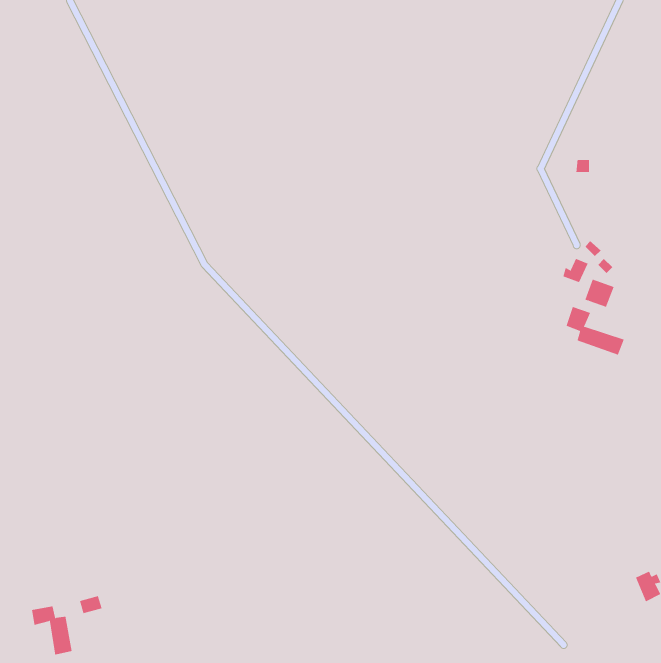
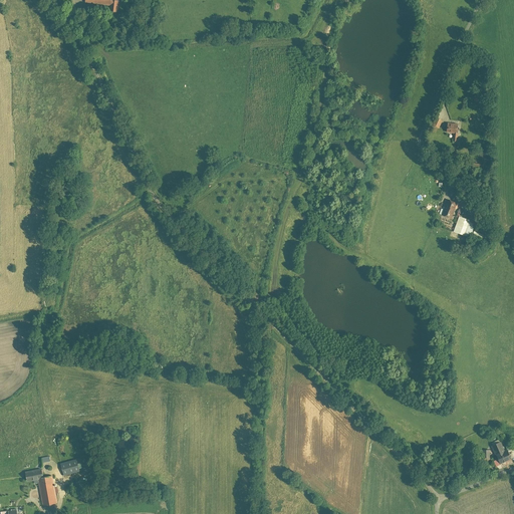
building: [566,306,625,356] -> none

